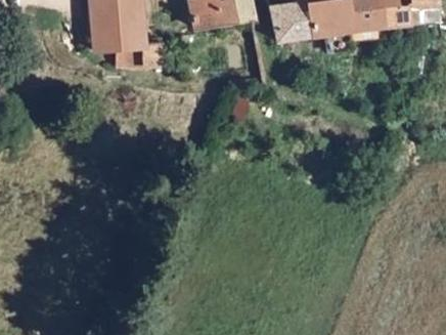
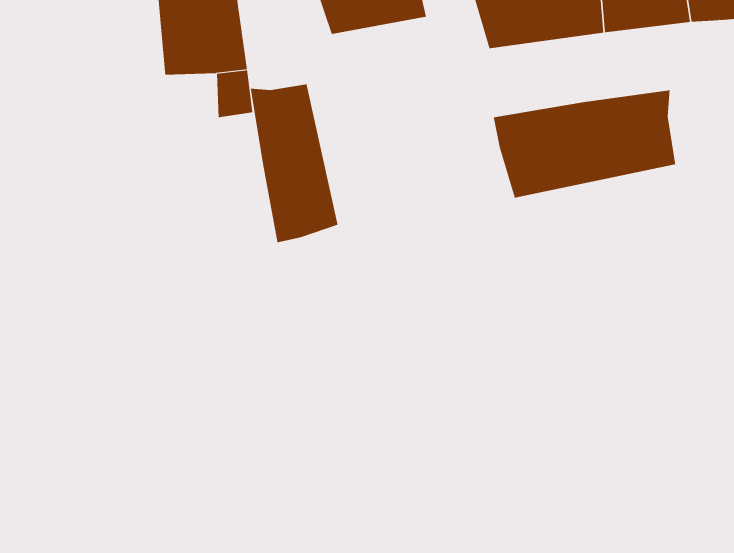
building: none -> [250,83,338,243]
building: none -> [493,90,676,199]

